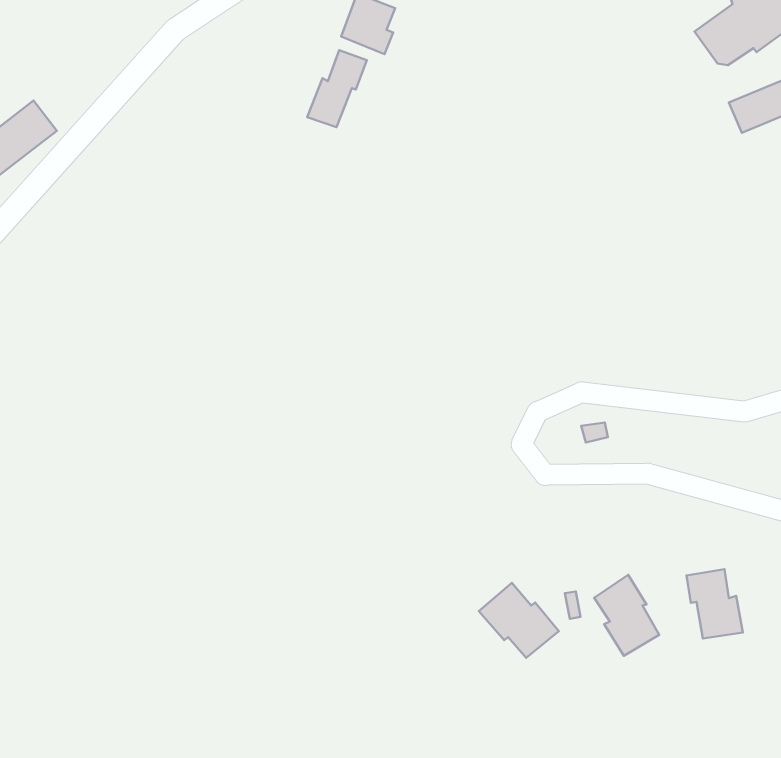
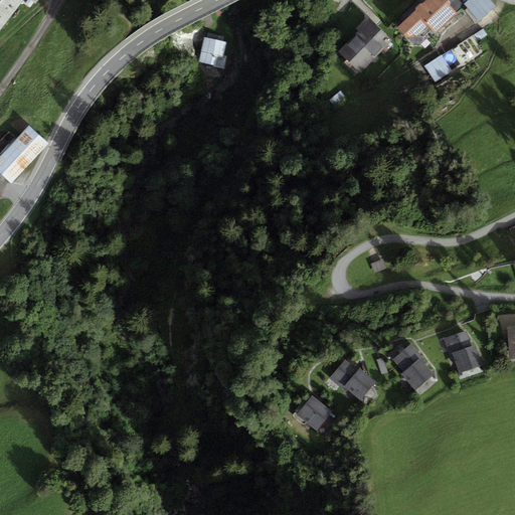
building: none -> [338,20,390,72]
building: [307,50,367,127] -> none
building: none -> [296,393,333,430]

